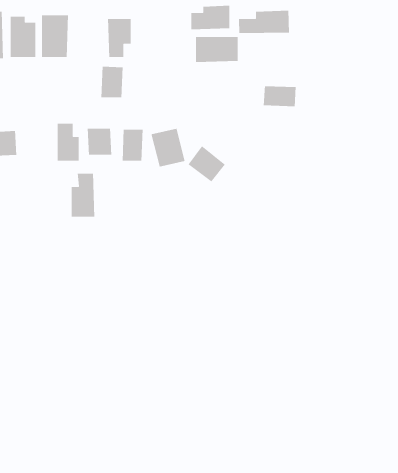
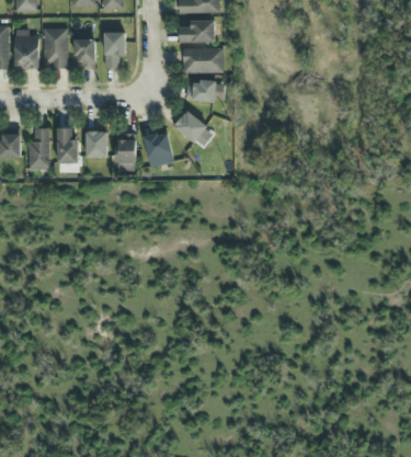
building: [238,10,290,34] -> none
building: [101,66,123,98] -> [75,38,95,68]
building: [263,85,297,107] -> [185,81,216,101]
building: [187,145,226,183] -> [172,108,207,142]
building: [71,173,95,217] -> [27,128,49,169]

